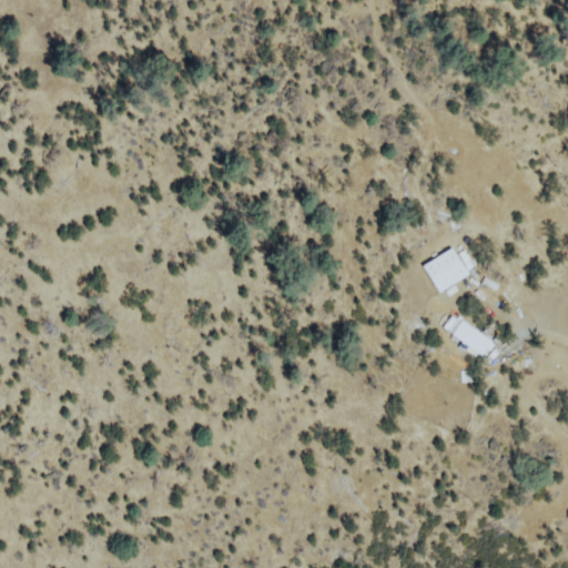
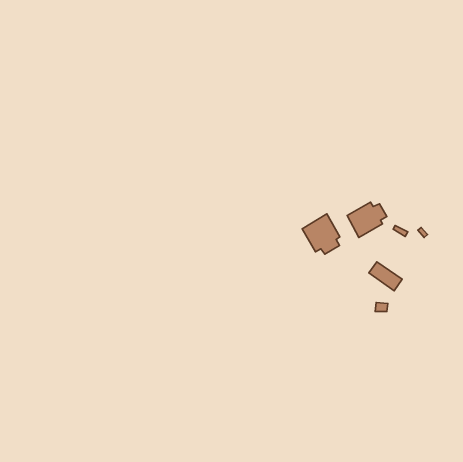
building: none -> [302,214,340,254]

